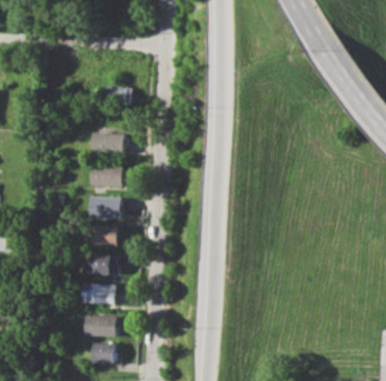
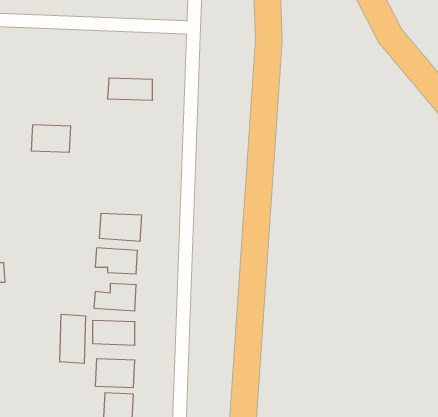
building: [90,132,122,154] -> [31,125,71,152]
building: [89,166,122,187] -> none
building: none -> [60,314,86,364]

